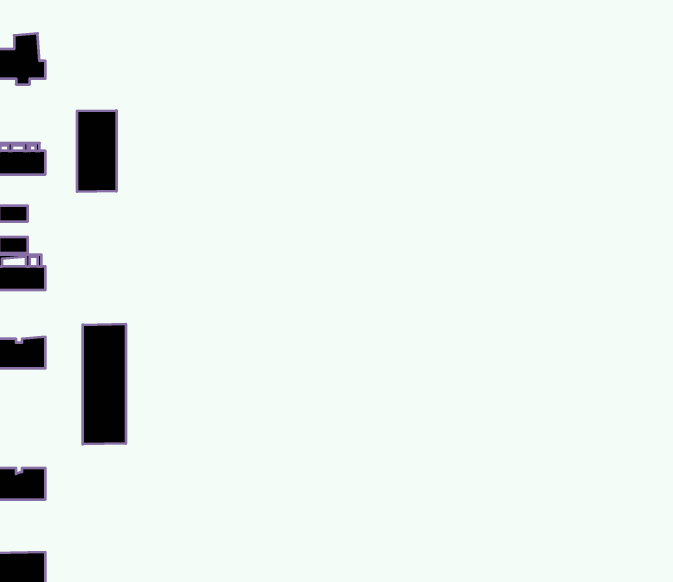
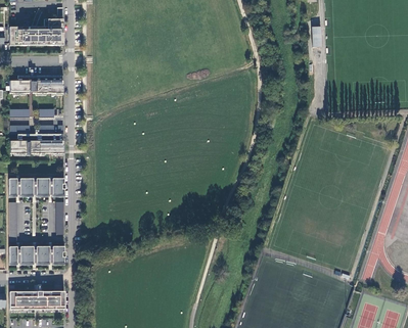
building: [77,110,116,192] -> none
building: [83,324,126,444] -> none

